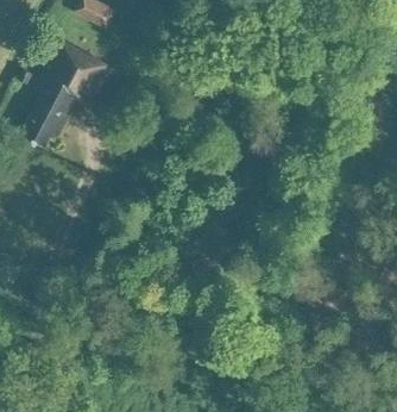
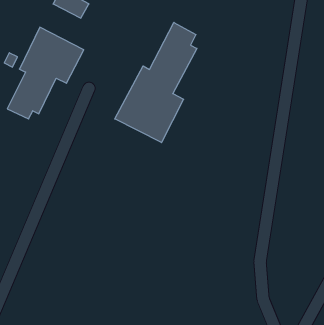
building: none -> [115,22,197,143]

